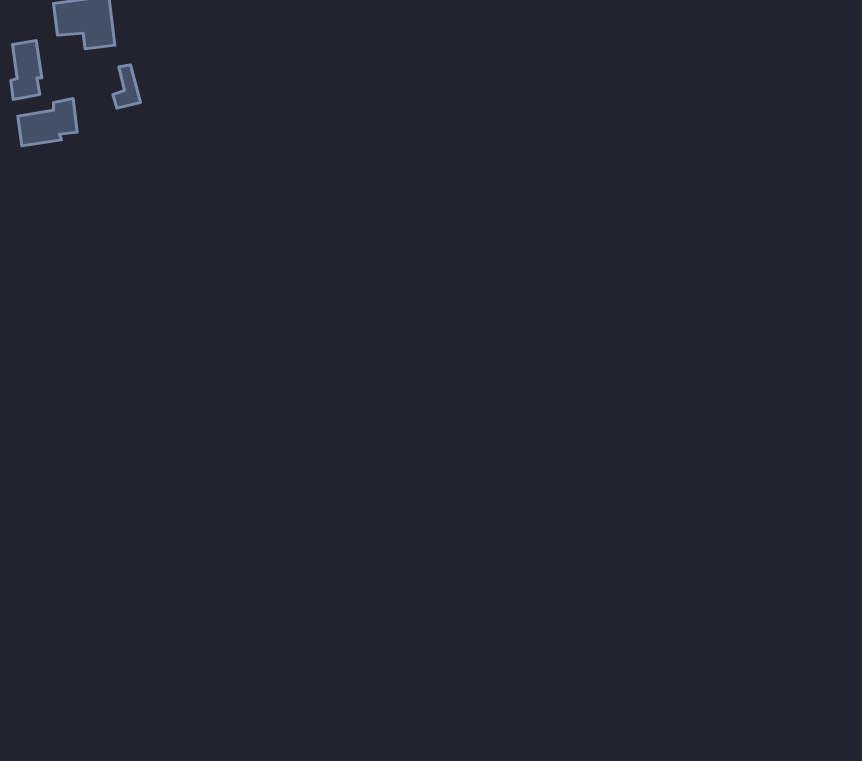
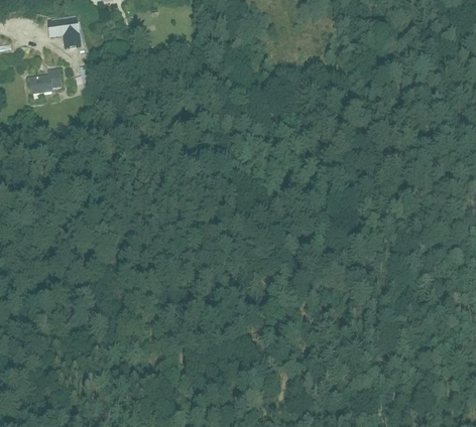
building: [11,41,42,99] -> none

